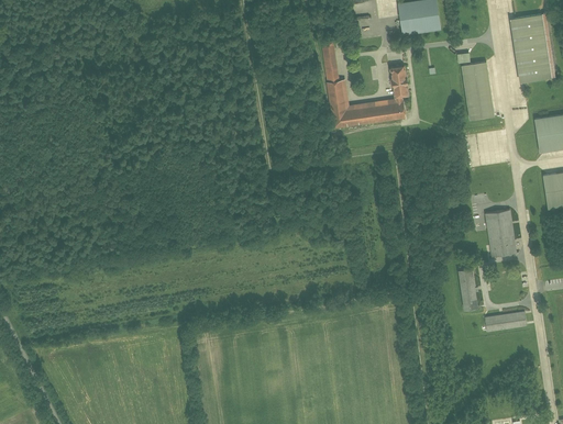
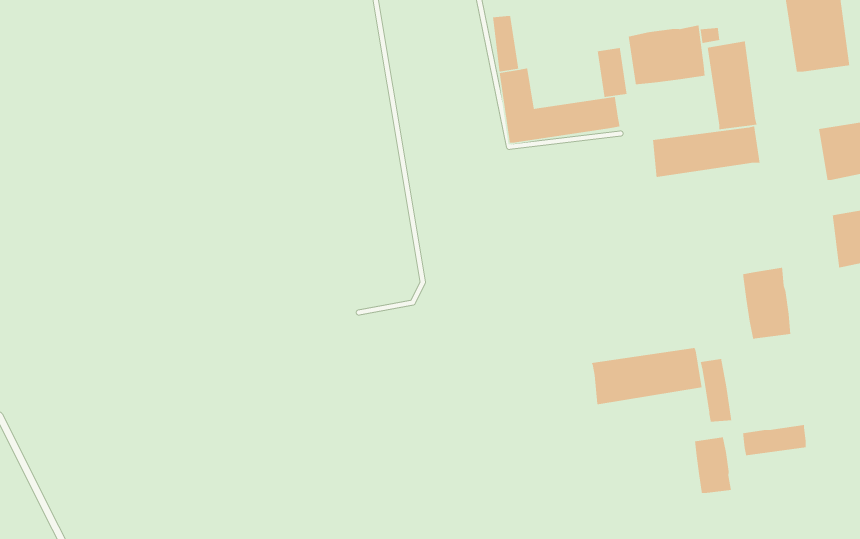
building: none -> [628,25,705,85]
building: none -> [652,125,760,178]
building: none -> [591,347,702,405]
building: none -> [694,436,732,494]

